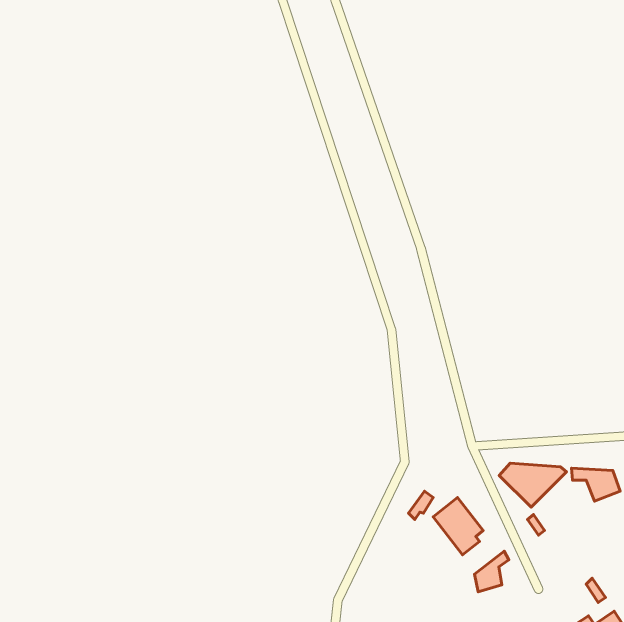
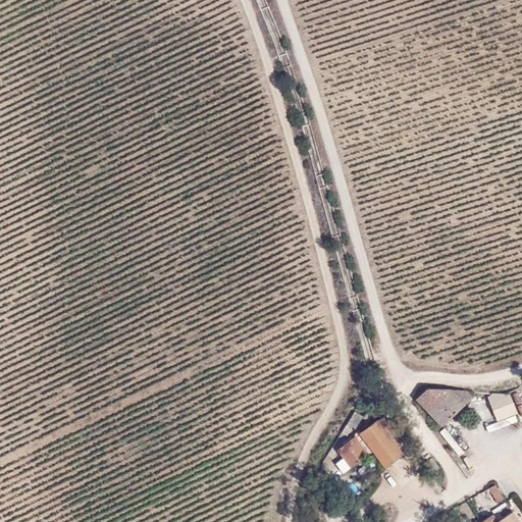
building: none -> [336,438,366,473]
building: [474,551,509,592] -> none

